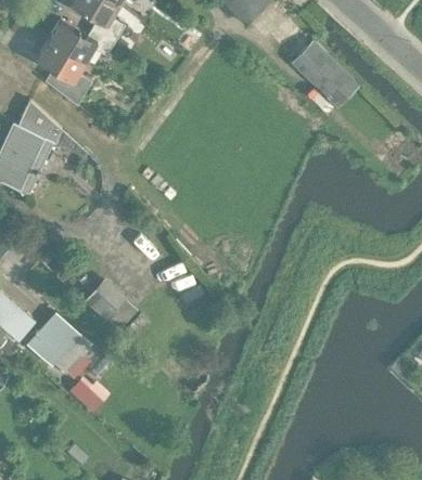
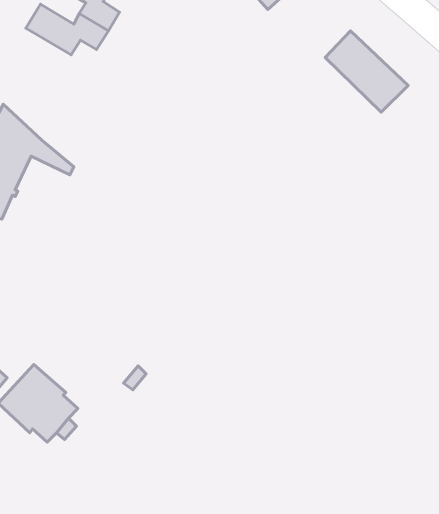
building: [36,39,91,98] -> none
building: [84,278,139,332] -> none
building: [68,376,104,412] -> none

